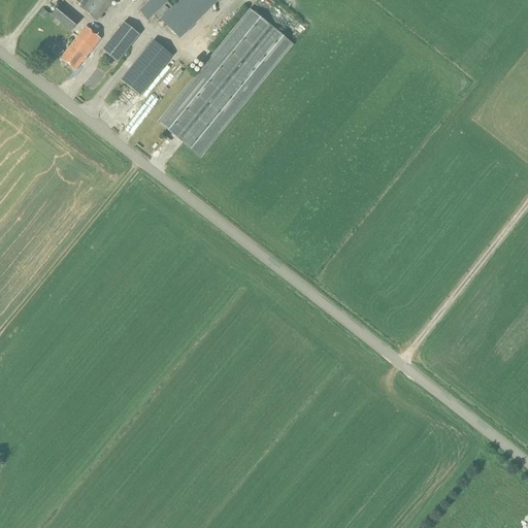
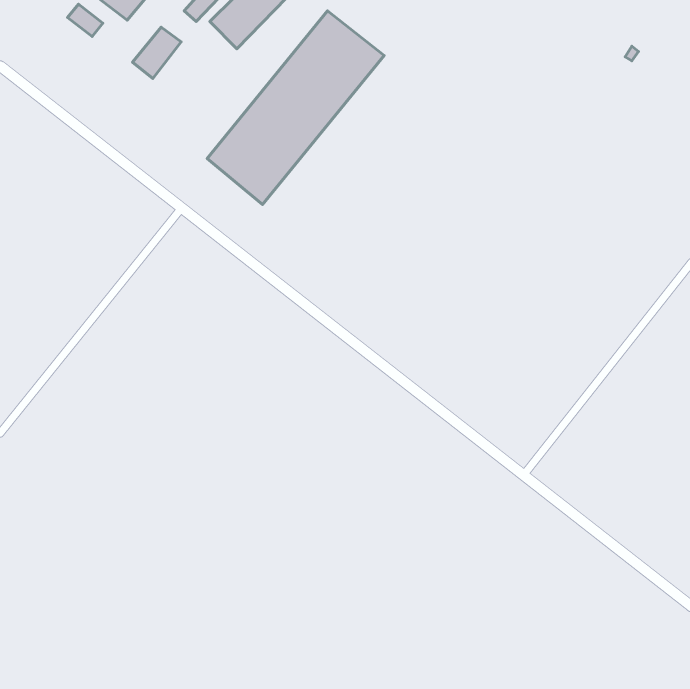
building: [61,25,101,68] -> none
building: [121,38,173,94] -> none

